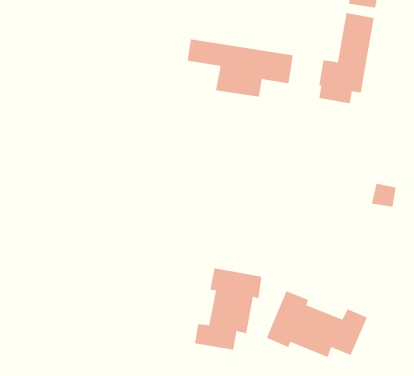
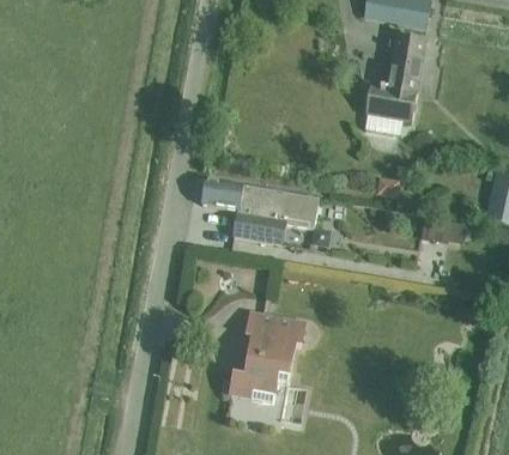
building: [187,39,293,97] -> [201,178,317,242]
building: [266,291,368,358] -> none

